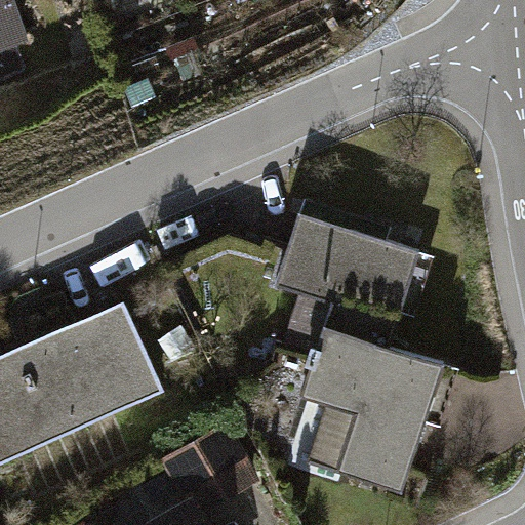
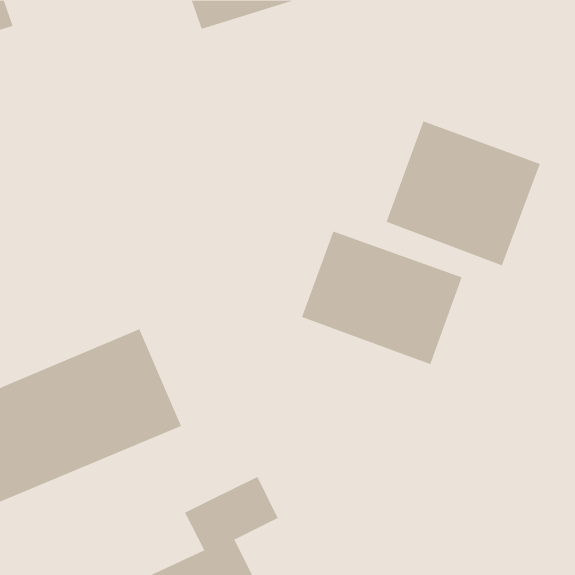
building: none -> [386,120,540,266]
building: [296,325,445,497] -> none

